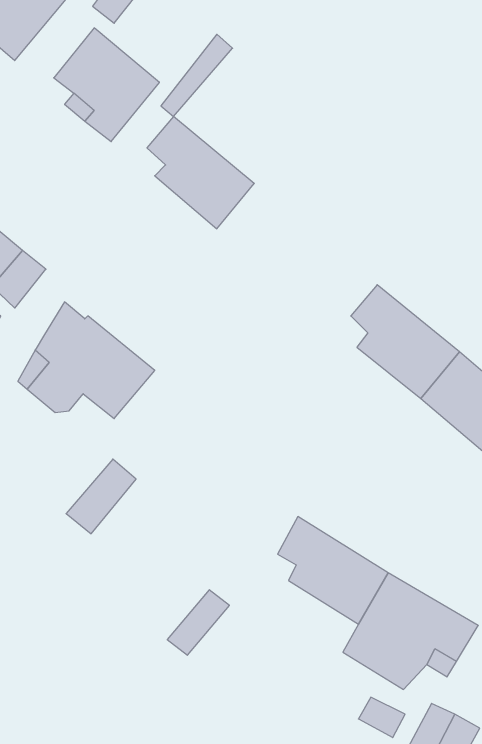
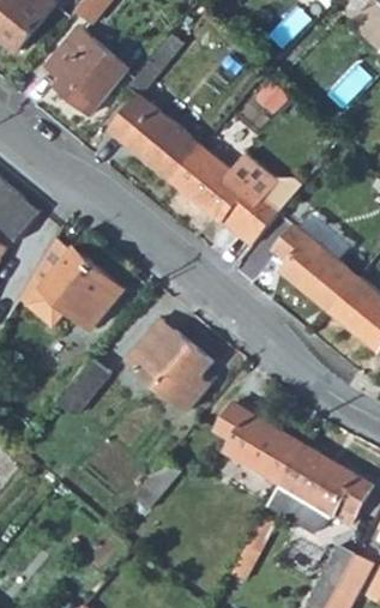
building: none -> [170,146,297,246]
building: none -> [125,320,209,411]

